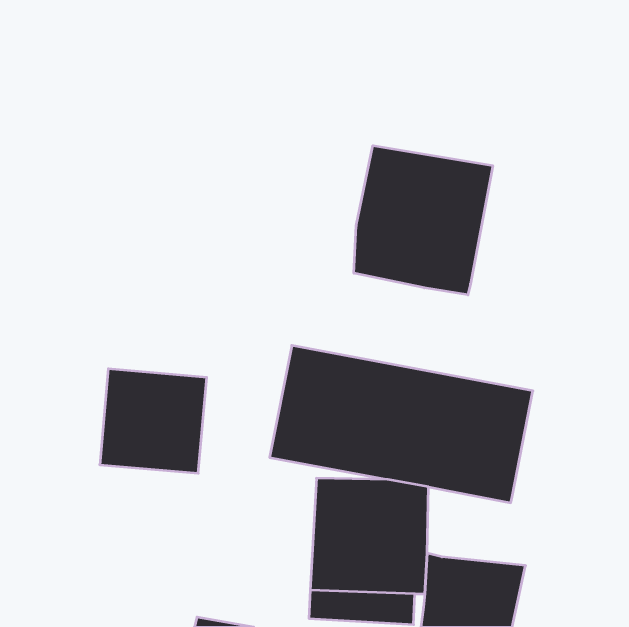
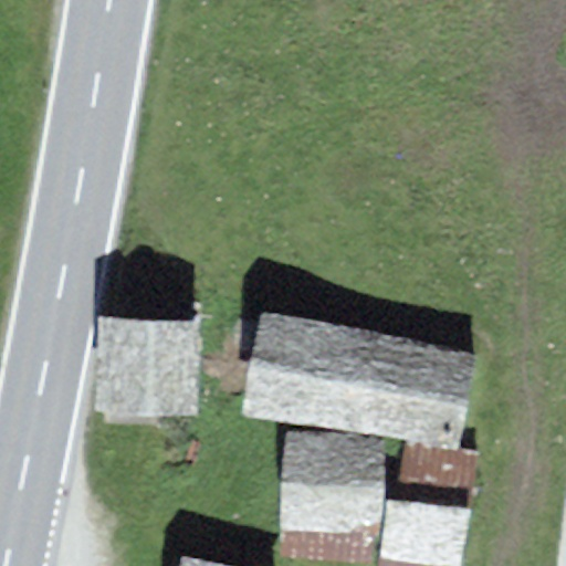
building: [354,146,493,295] -> none
building: none -> [397,441,478,509]

